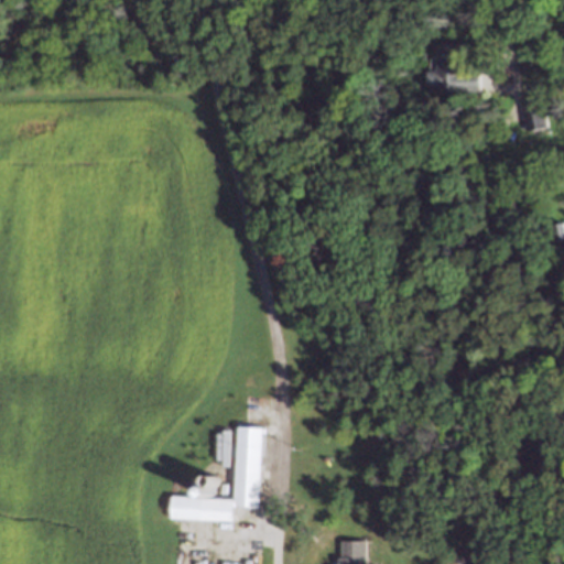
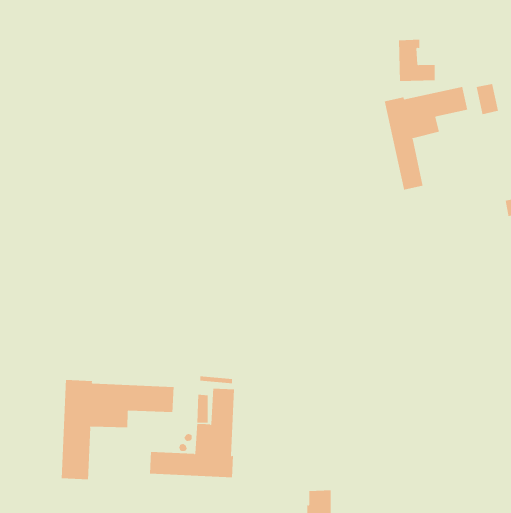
building: none -> [384,86,468,190]
building: none -> [61,379,174,480]

